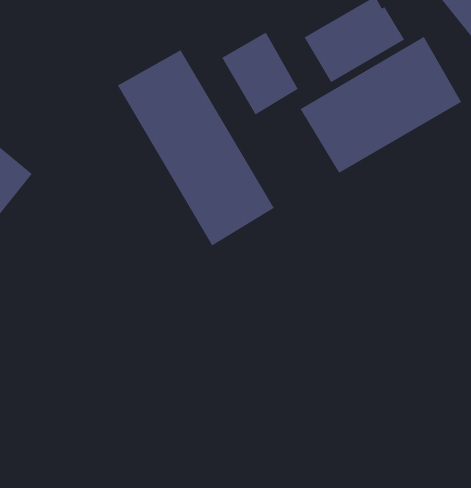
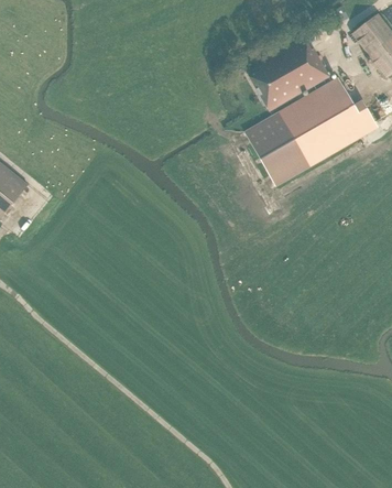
building: [221,32,299,116] -> none
building: [117,49,275,247] -> none

